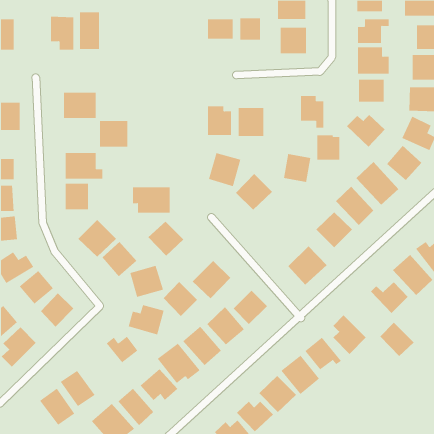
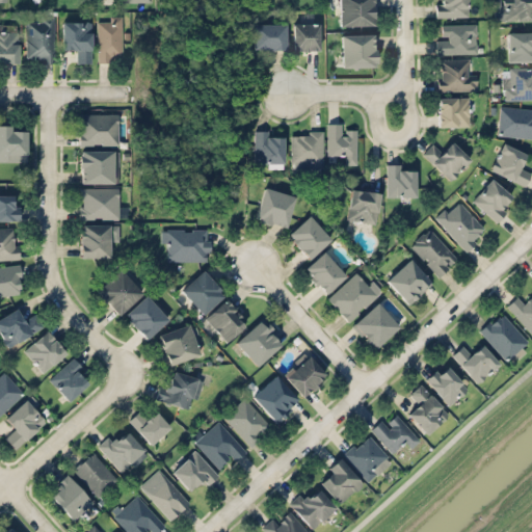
building: none -> [27,20,55,63]
building: [300,96,324,128] -> [328,125,357,164]
building: [99,121,128,147] -> [81,152,116,184]
building: none -> [304,252,347,294]
building: none -> [328,271,380,323]
building: [163,281,198,317] -> [207,299,249,343]
building: [379,322,414,357] -> [426,364,469,406]
building: none -> [99,433,148,476]

